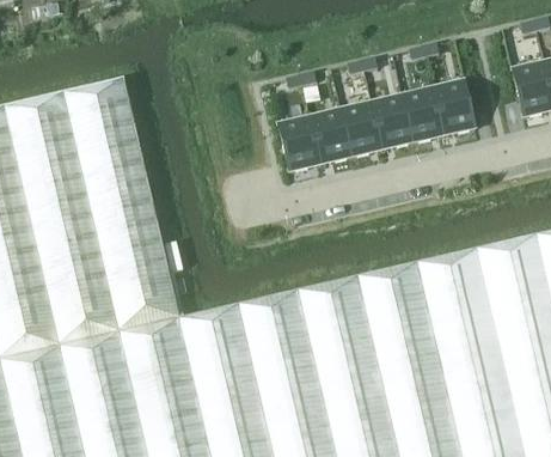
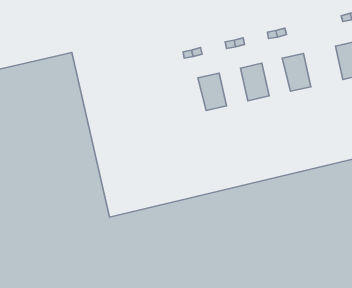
building: [402,87,443,142] -> none
building: [339,102,381,157] -> none
building: [278,116,320,171] -> none

